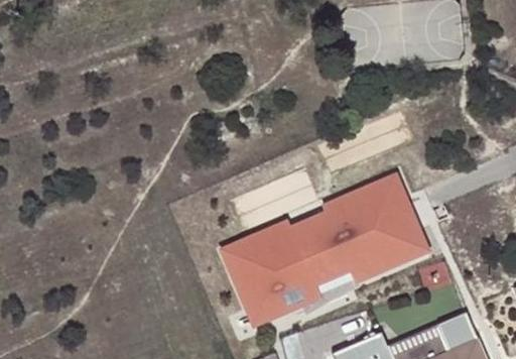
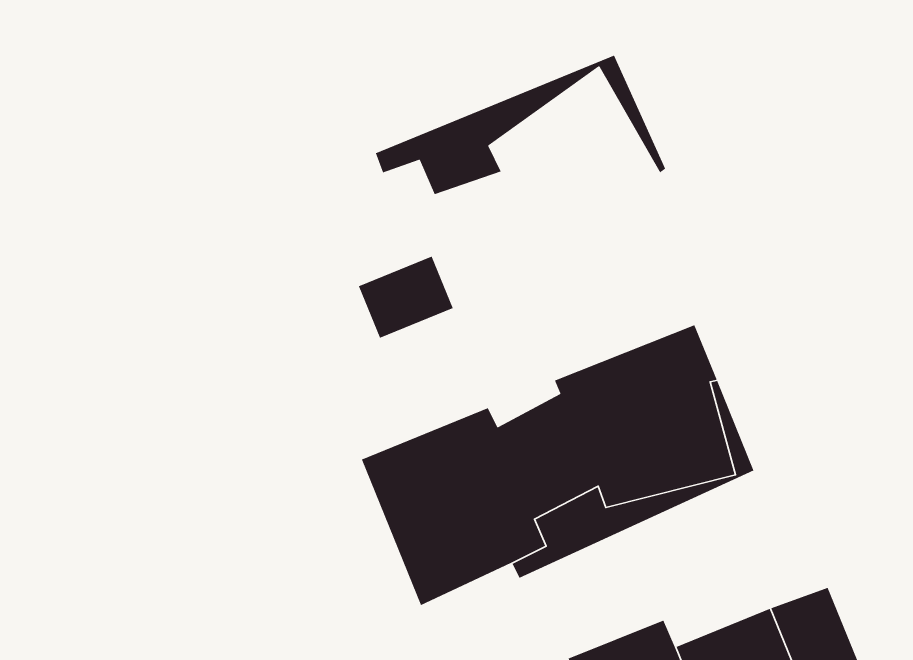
building: none -> [375,55,666,195]
building: none -> [358,255,454,339]

